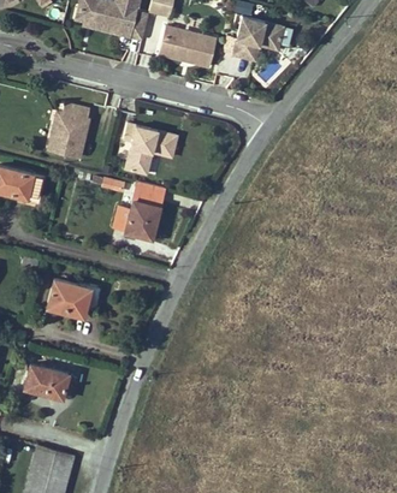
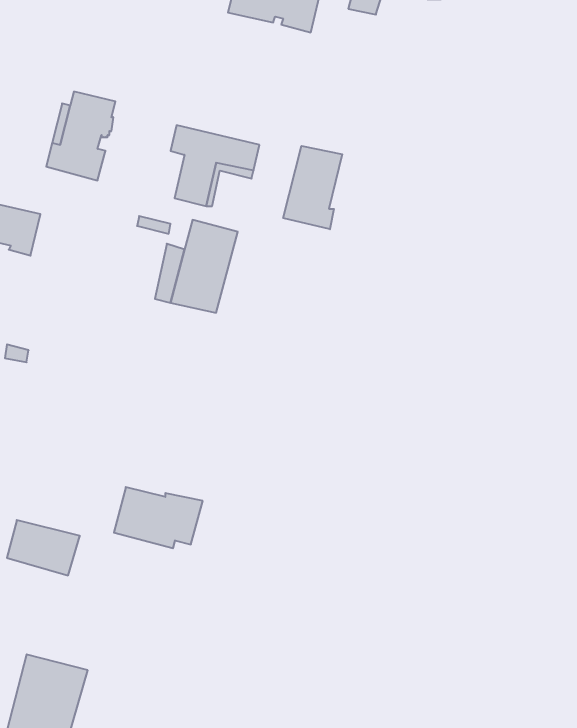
building: none -> [283,146,342,229]
building: [47,279,101,316] -> [114,487,203,548]

